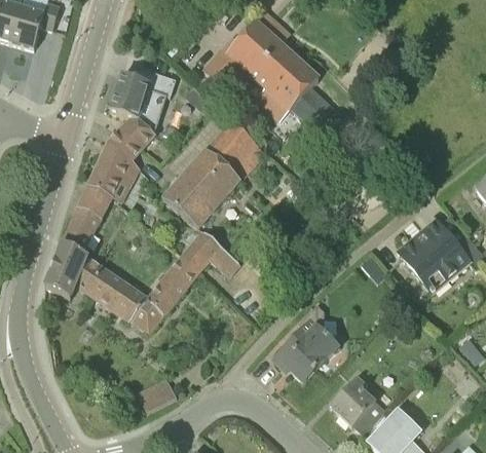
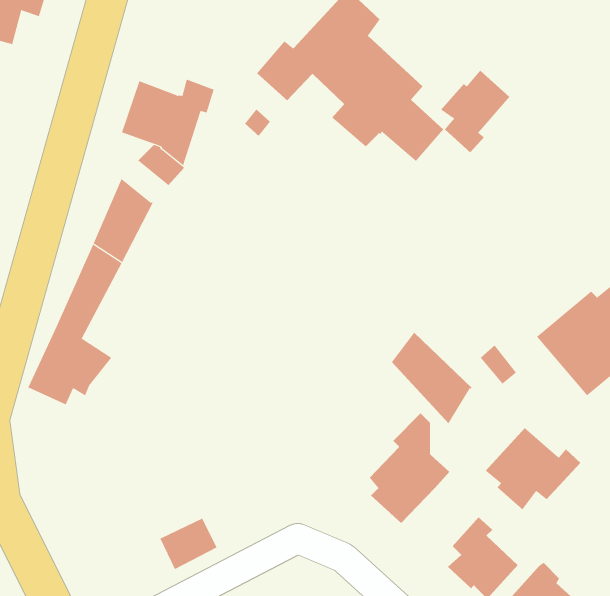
building: none -> [440,70,510,153]
building: [162,119,264,228] -> none
building: [84,230,239,332] -> none
building: none -> [391,332,473,424]
building: none -> [485,427,581,510]

